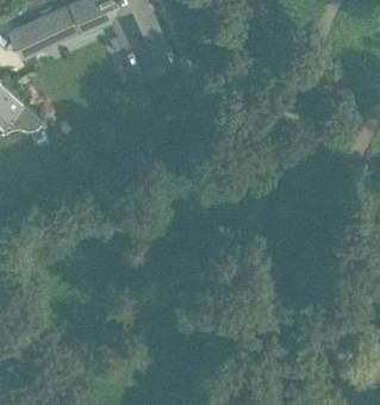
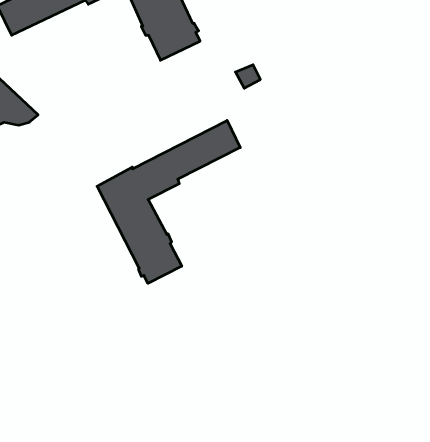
building: none -> [97,120,240,283]

